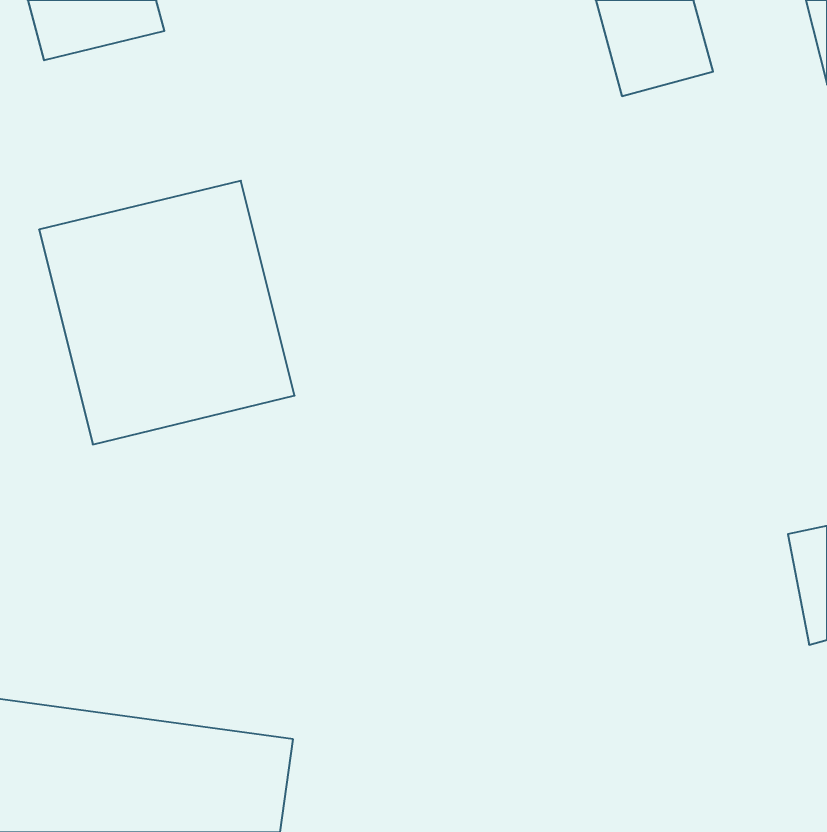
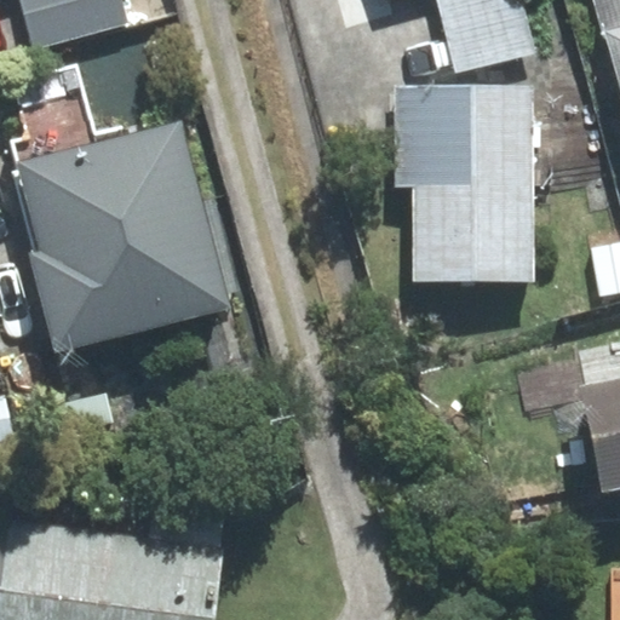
building: none -> [403,91,530,272]

